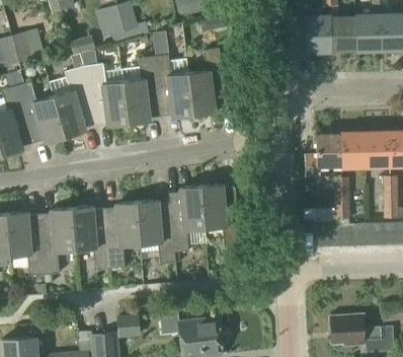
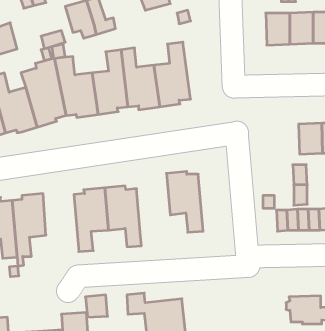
building: [305,134,341,176] -> none
building: [168,186,206,252] -> none
building: [72,205,109,269] -> none

